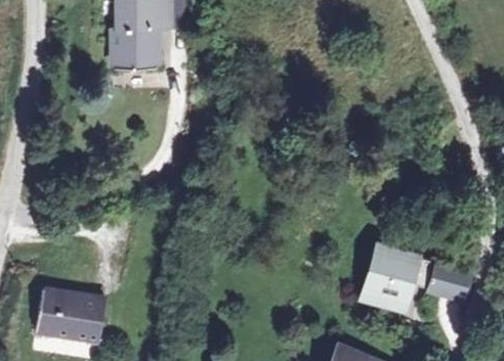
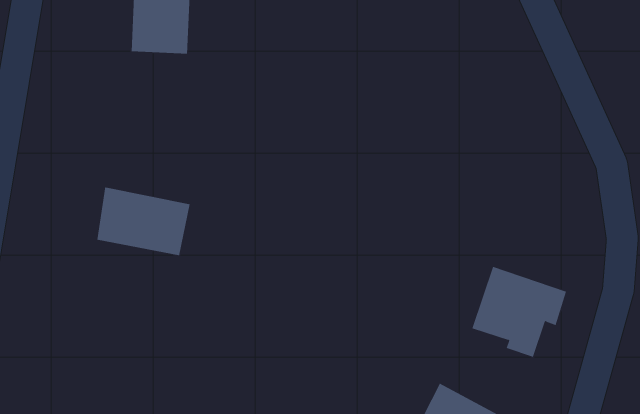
building: [433,264,469,300] -> none
building: [36,292,109,346] -> [96,187,191,256]

